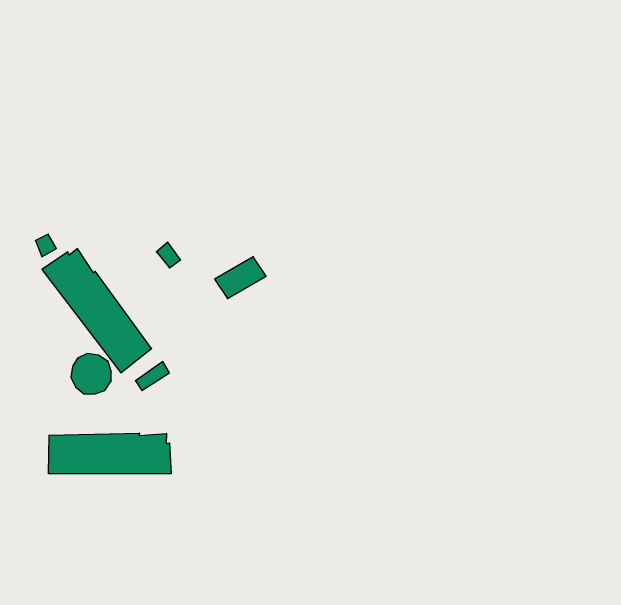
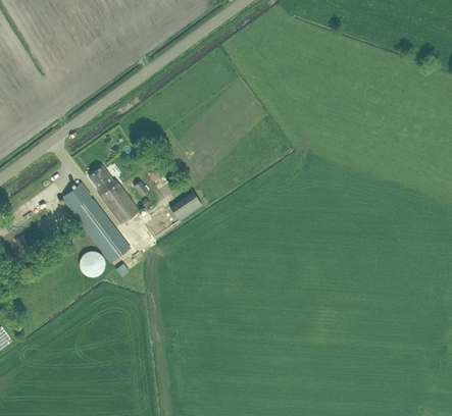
building: none -> [89,166,139,224]
building: [49,433,171,474] -> none

